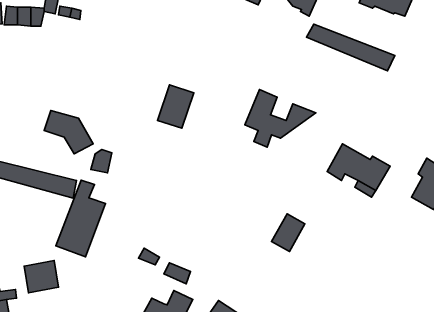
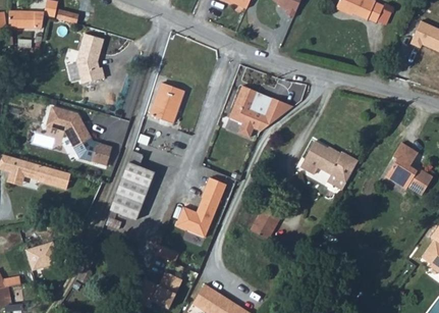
building: [307,24,395,71] -> none
building: none -> [76,34,104,84]
building: [56,180,106,257] -> [107,152,153,222]
building: none -> [175,175,226,236]

